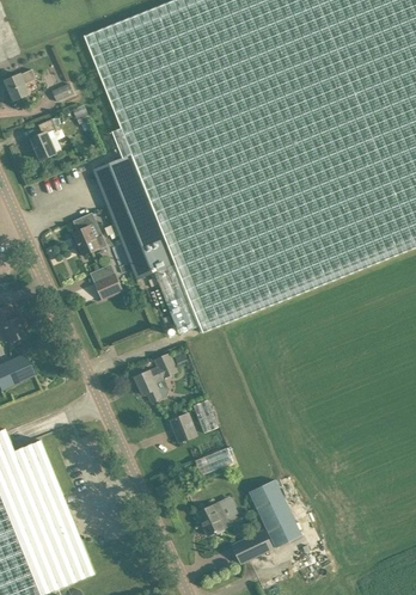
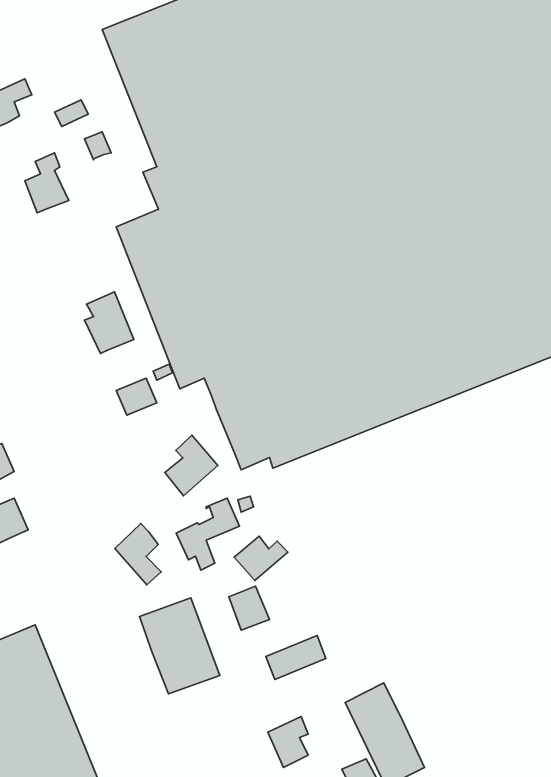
building: none -> [165,435,218,496]
building: none -> [115,524,161,585]
building: none -> [234,536,288,581]
building: none -> [140,598,220,694]

